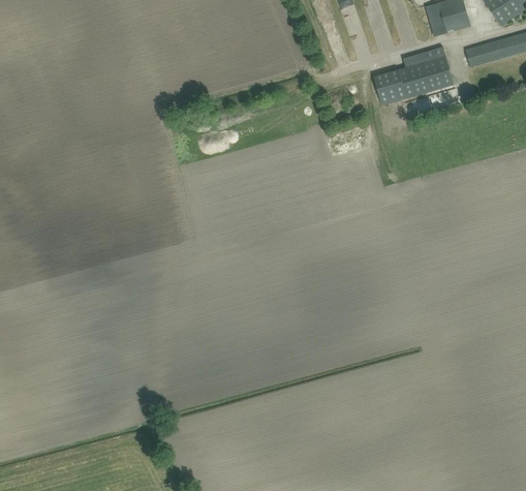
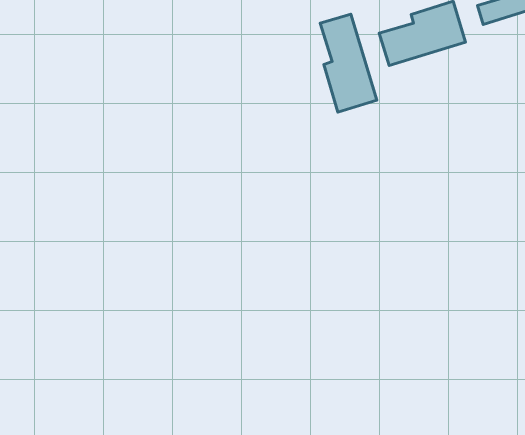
building: none -> [320,14,377,112]

